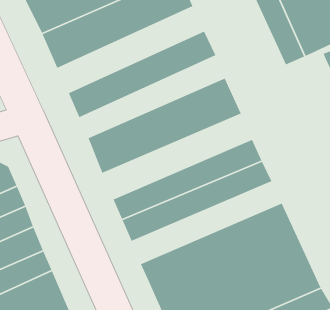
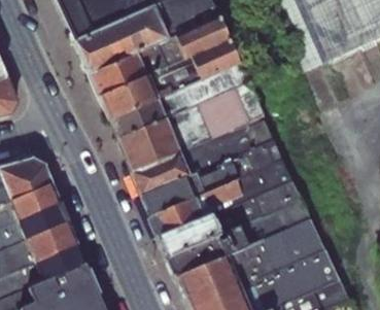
building: none -> [90,13,229,95]
building: none -> [110,60,248,137]
building: none -> [132,114,274,195]
building: none -> [160,178,302,255]

